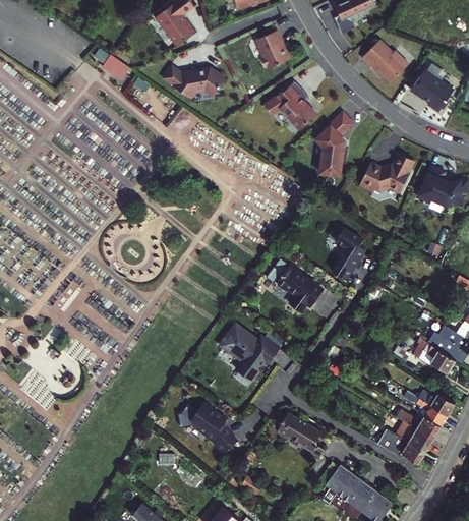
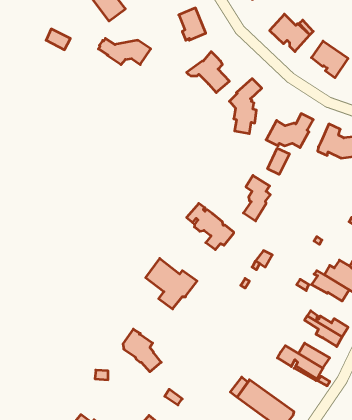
building: none -> [268,148,289,174]
building: [396,410,441,439] -> none
building: [279,413,323,459] -> none

